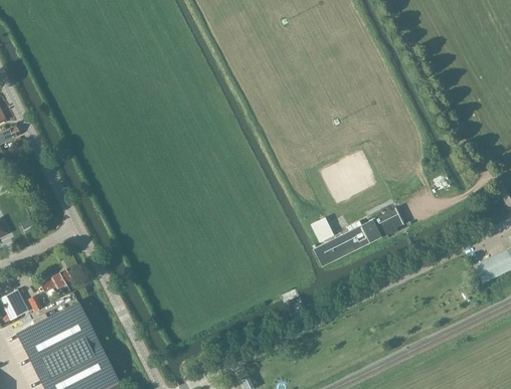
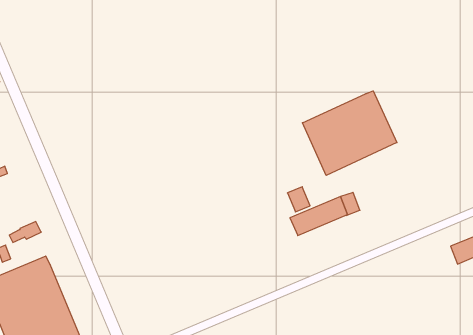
building: none -> [302,91,397,175]
building: [375,207,404,236] -> none

